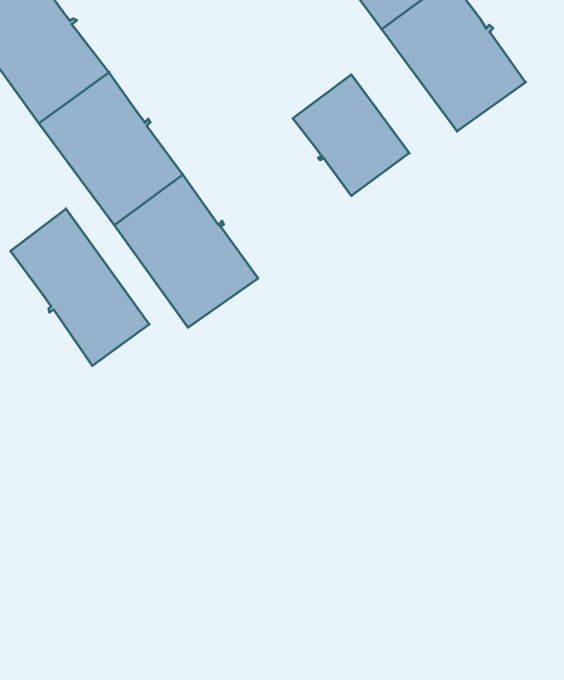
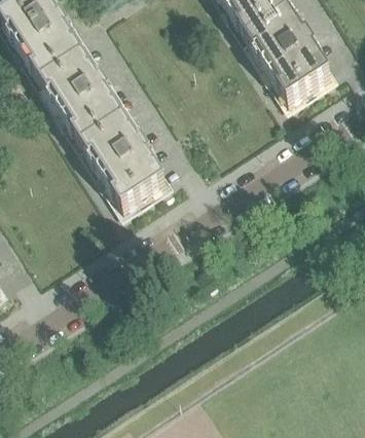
building: [293,75,409,196] -> none
building: [11,209,149,366] -> none

